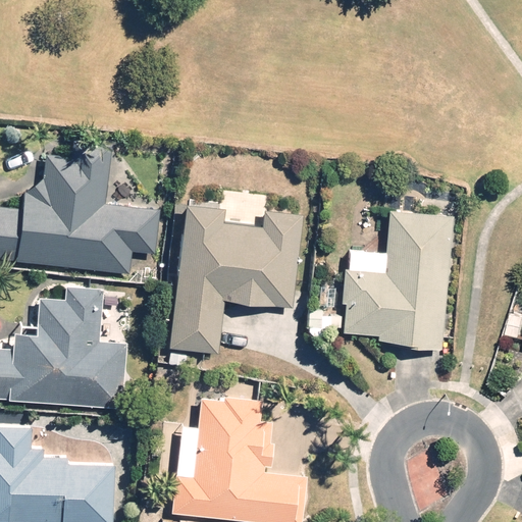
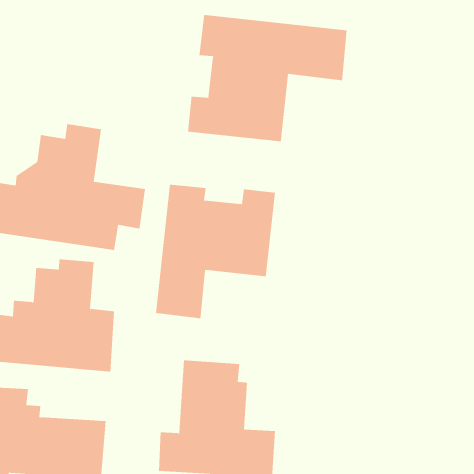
building: none -> [187,14,347,142]
building: [344,212,453,351] -> none

